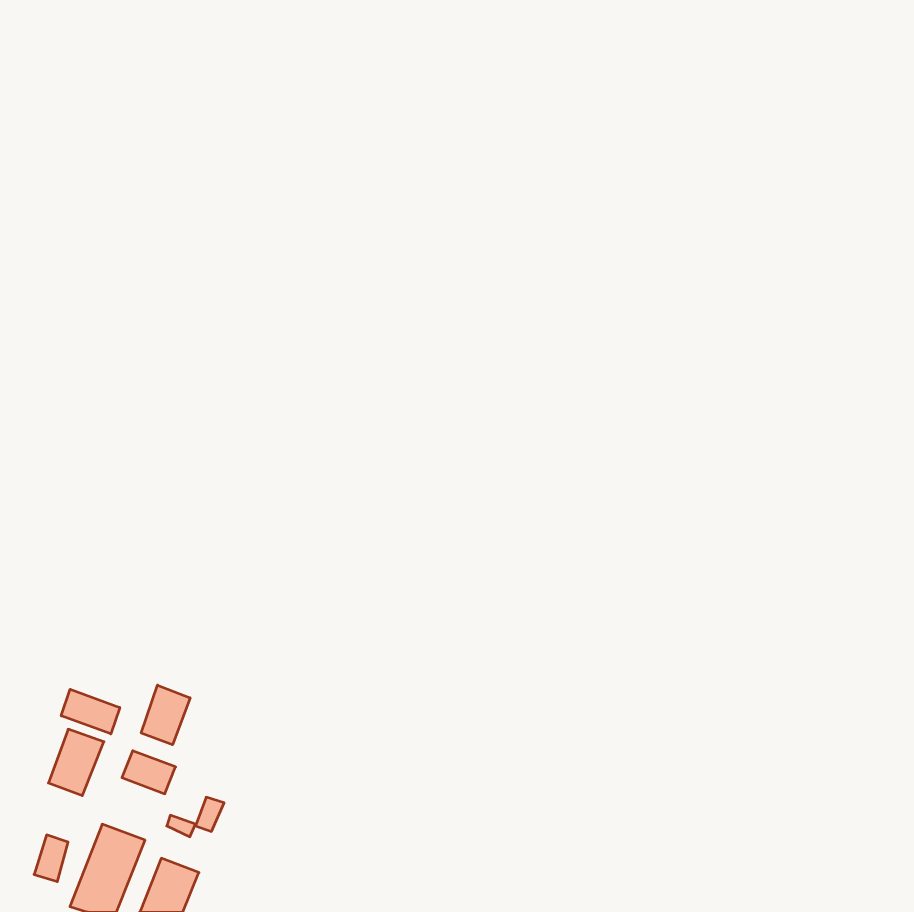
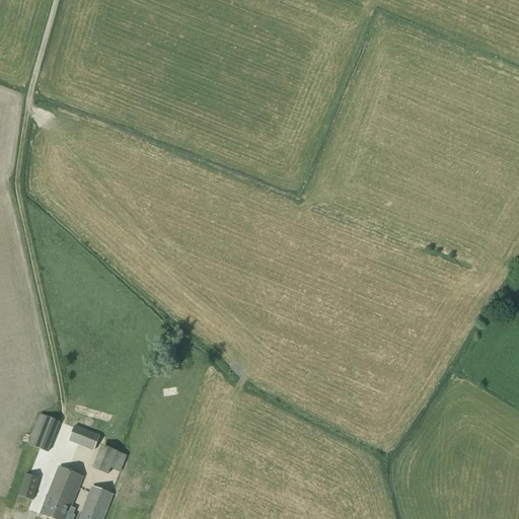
building: [141,685,190,745] -> none
building: [61,689,120,734] -> none

